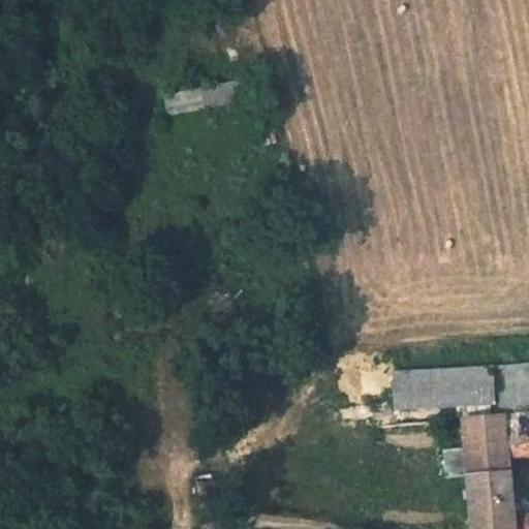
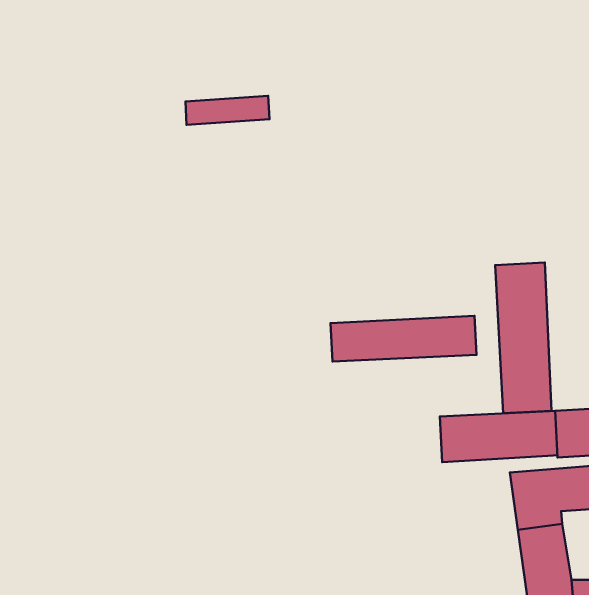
building: none -> [495,263,551,413]
building: none -> [330,316,476,361]

